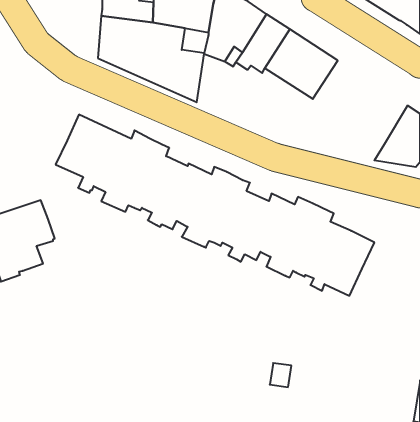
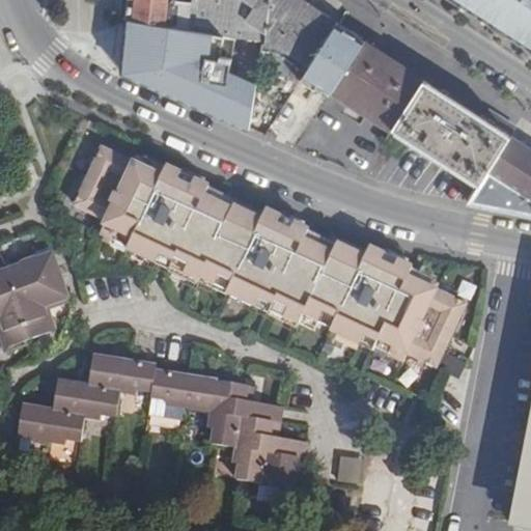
building: none -> [391,76,509,180]
building: none -> [15,353,307,491]

